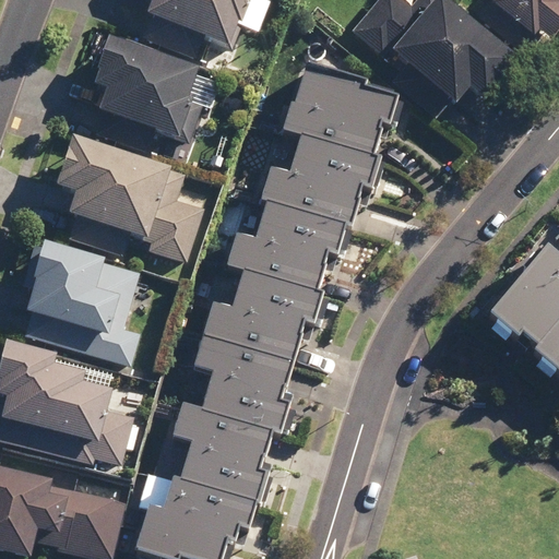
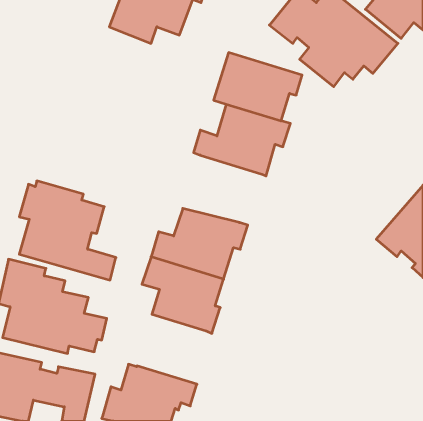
building: [92,35,216,151] -> none
building: [57,134,202,258] -> none
building: [216,203,343,292] -> none
building: [166,405,270,503] -> none

